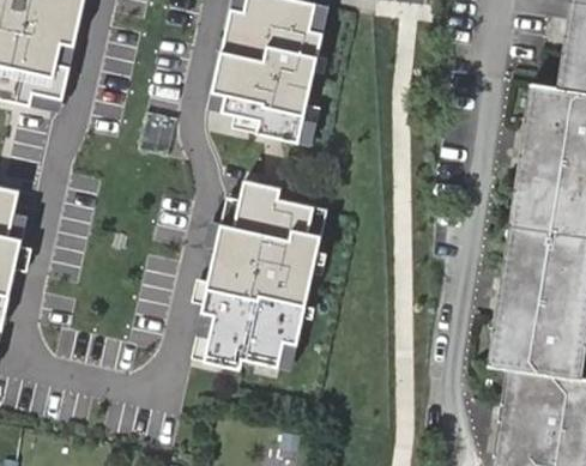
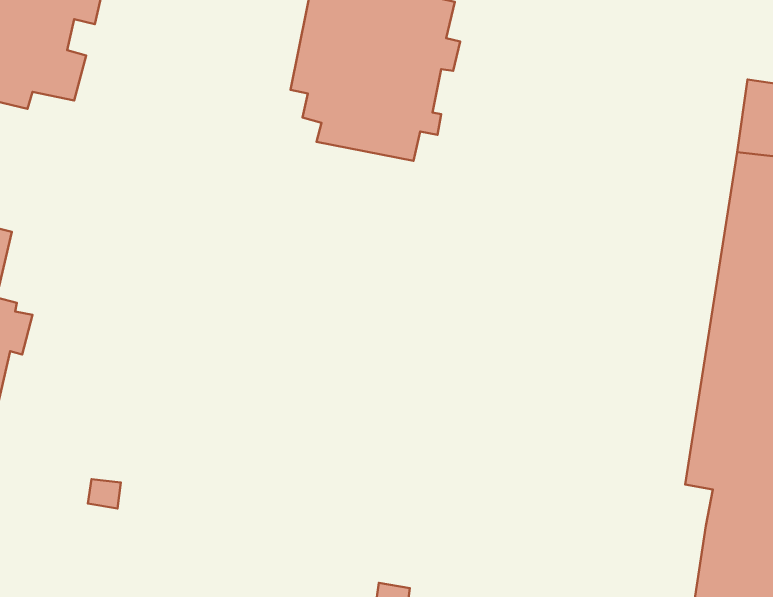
building: [193,180,332,370] -> none

